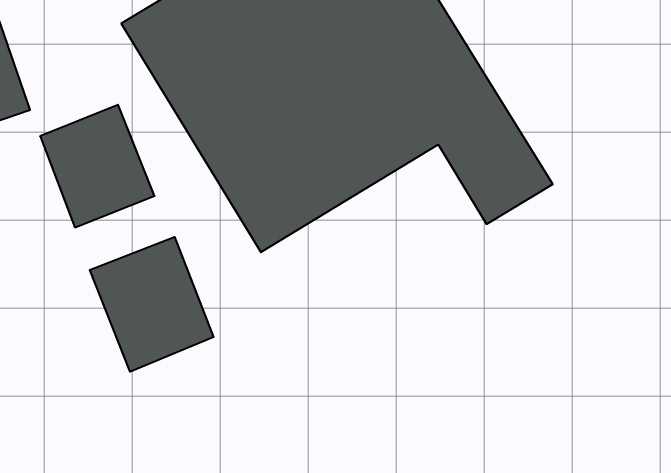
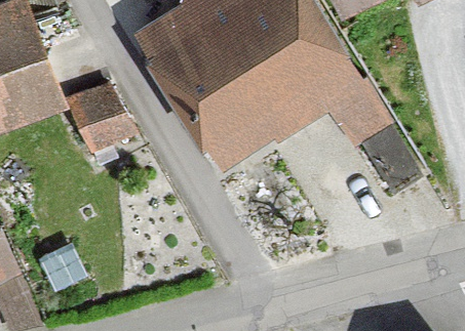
building: [90,237,214,372] -> none

